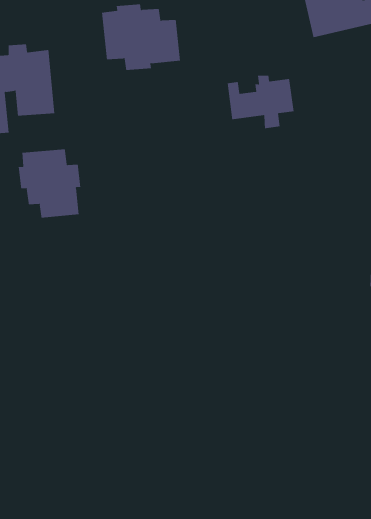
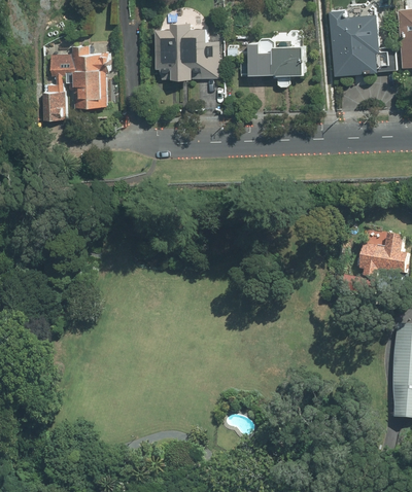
building: [227,75,294,129] -> [249,40,304,86]
building: [18,148,81,218] -> none

